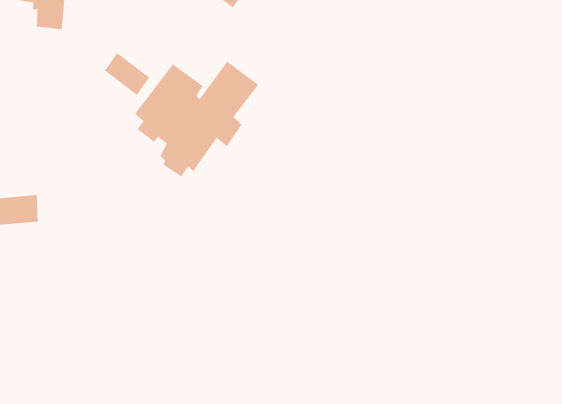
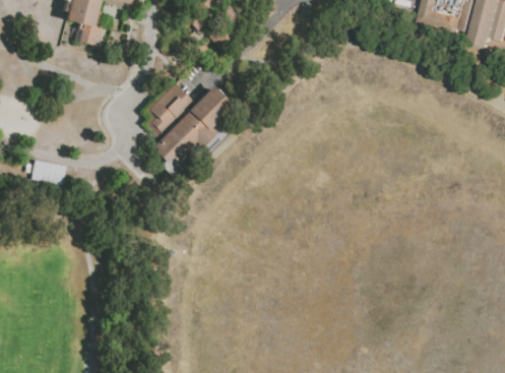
building: [104,52,150,96] -> none

